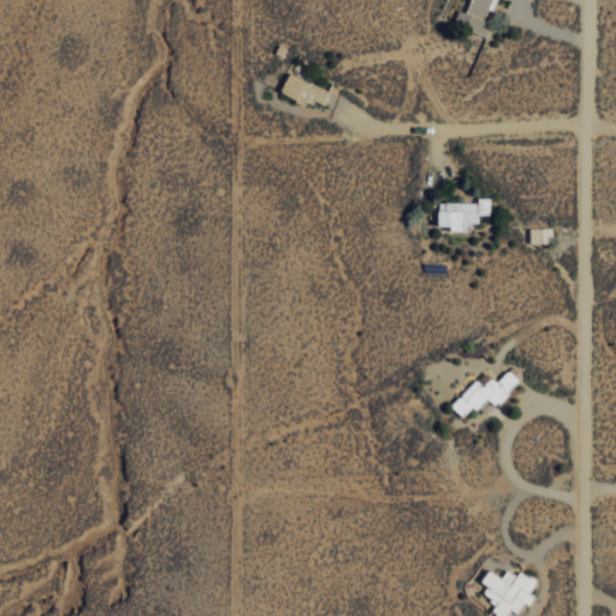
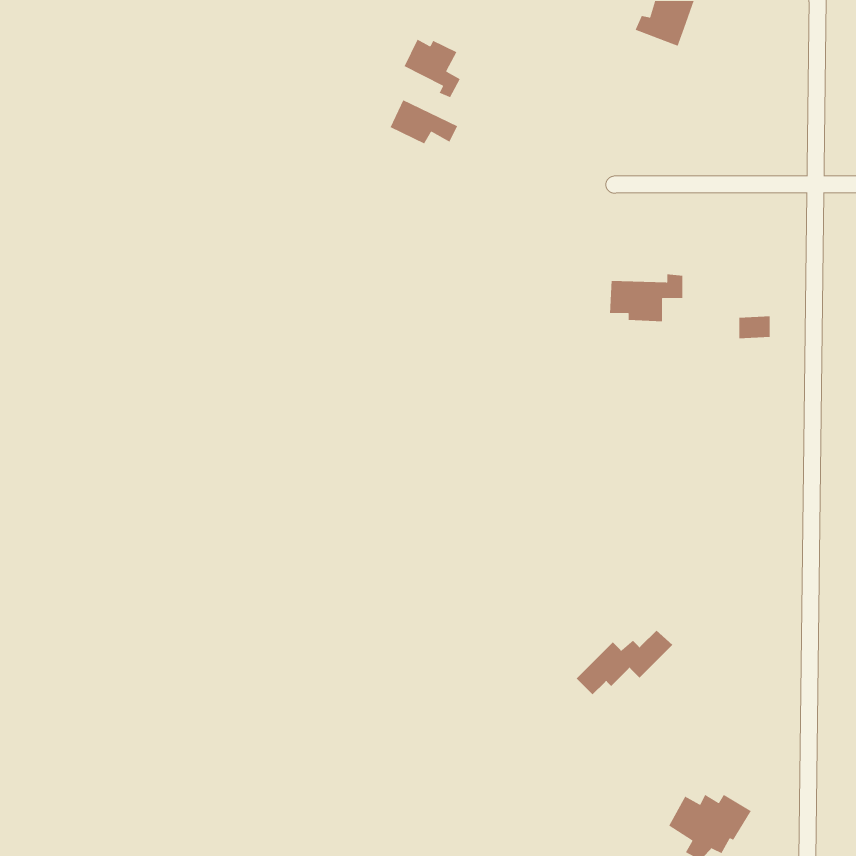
building: none -> [404,38,461,98]
building: [451,371,521,417] -> [576,630,673,695]

